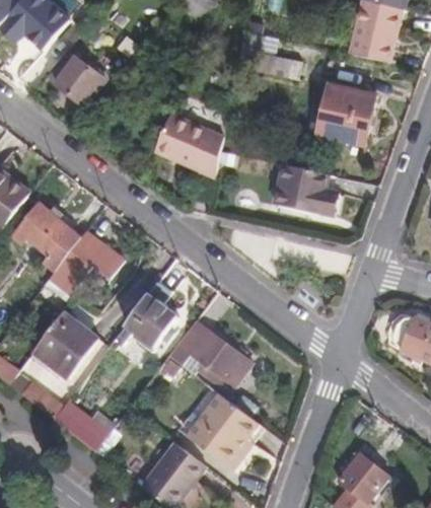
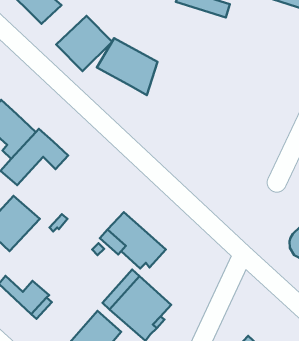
building: [314,82,372,143] -> none
building: none -> [56,16,112,71]
building: [271,162,335,213] -> none
building: [126,282,178,347] -> none

